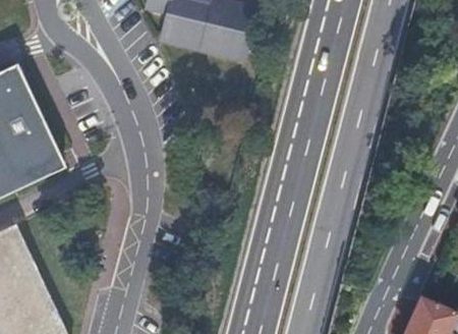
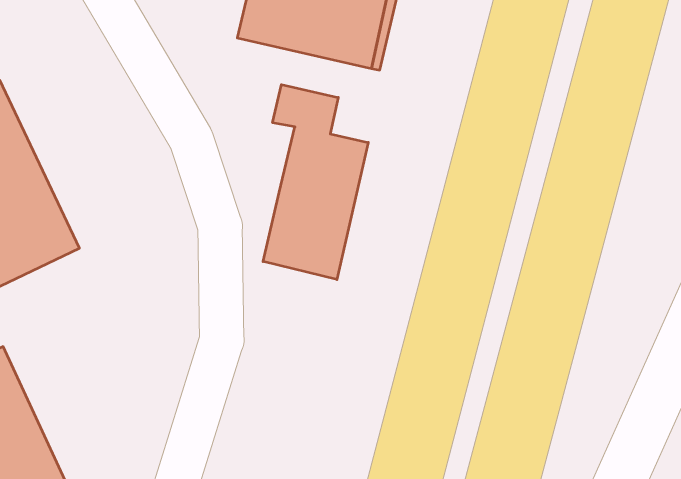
building: none -> [263,85,368,280]

